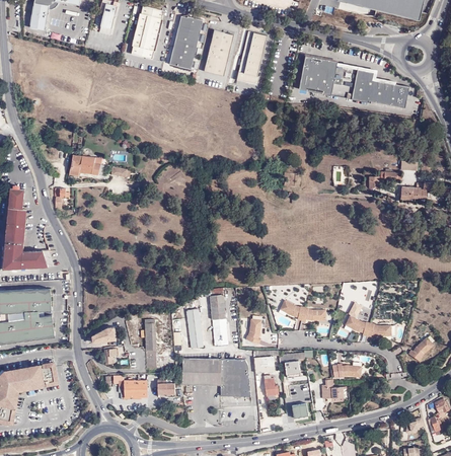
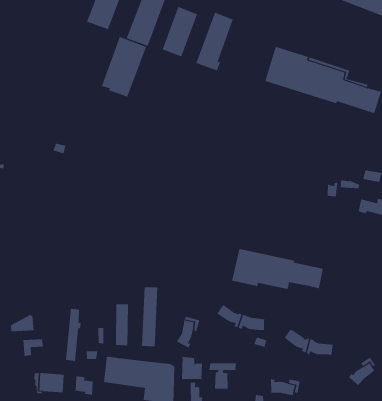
building: none -> [101,36,147,98]
building: [69,155,100,176] -> none
building: none -> [232,248,324,290]

